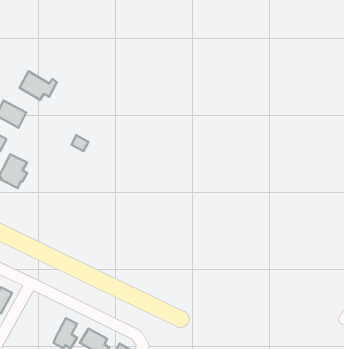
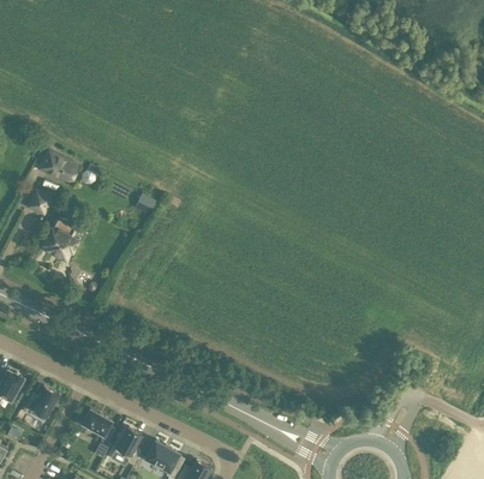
building: [20,71,57,100] -> none
building: none -> [82,409,115,444]

